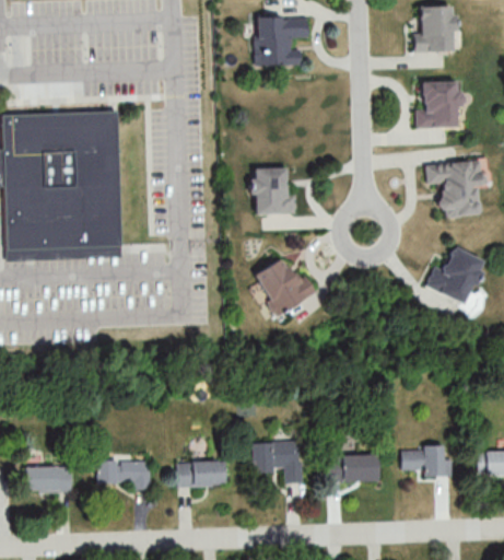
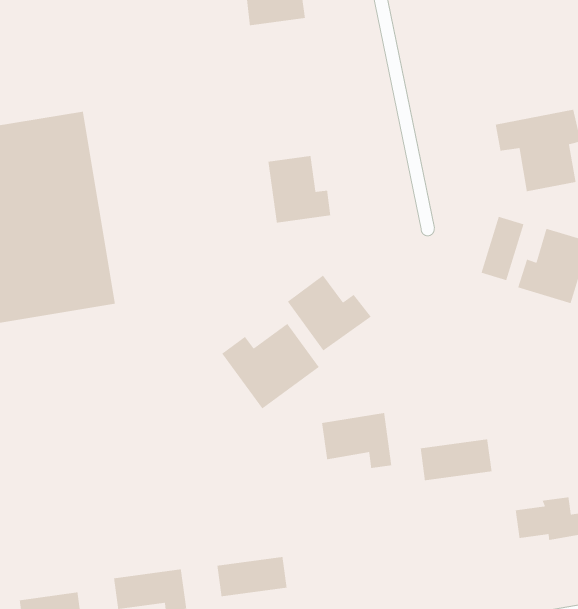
building: [415,80,460,127] -> none
building: none -> [481,216,524,281]
building: none -> [221,323,320,409]
building: [253,442,301,482] -> [321,412,392,469]
building: [325,456,376,481] -> [420,439,493,481]

